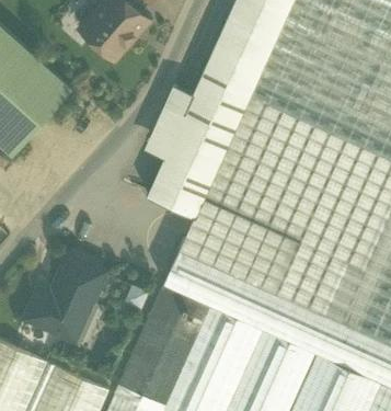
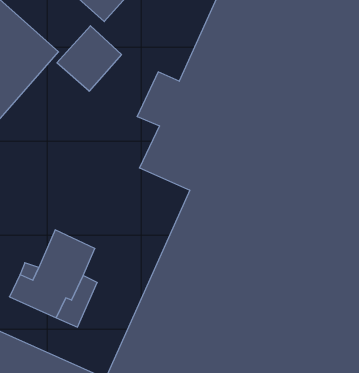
building: none -> [57,26,121,91]

